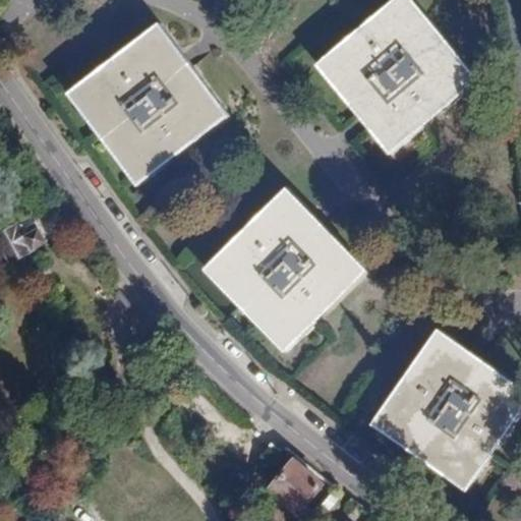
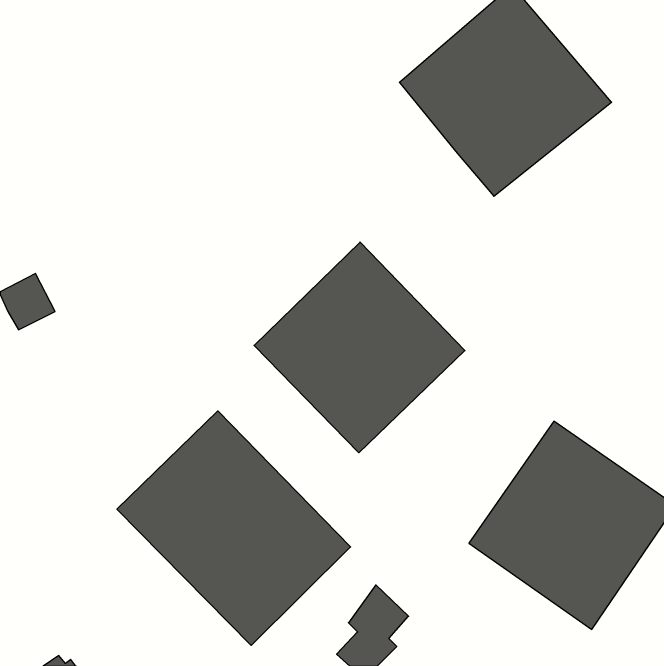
building: [67,24,226,187] -> none
building: none -> [117,411,351,645]

